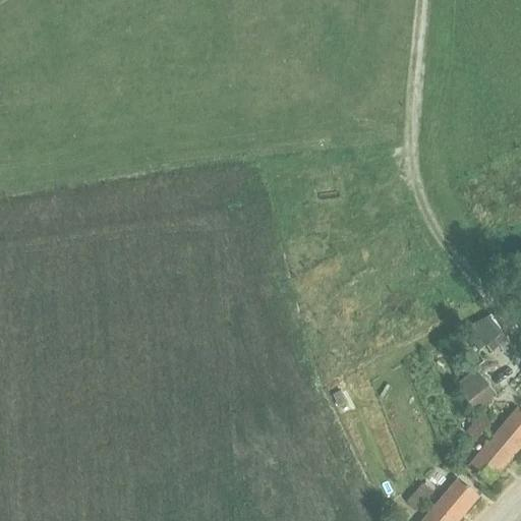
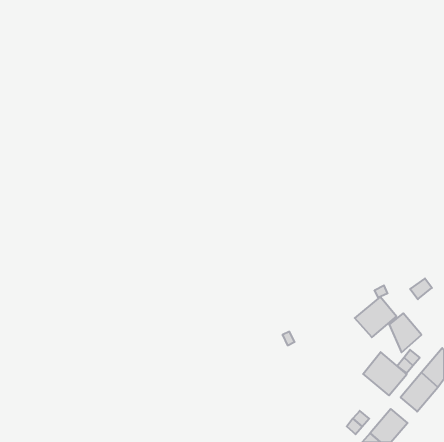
building: none -> [355,297,396,337]
building: none -> [363,352,407,395]

